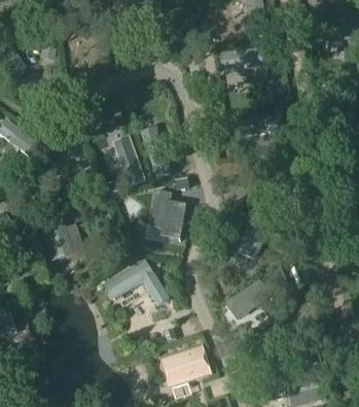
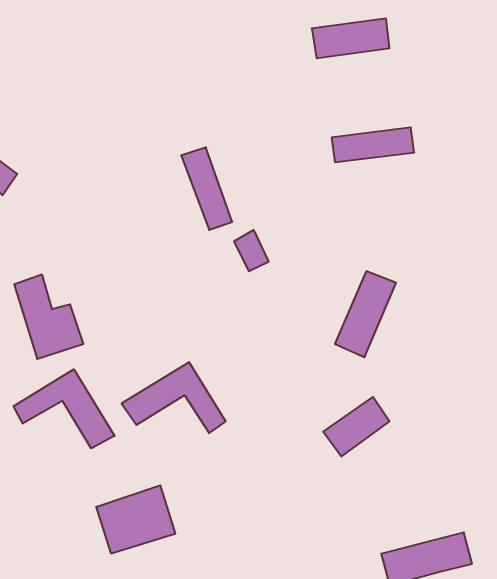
building: [111,134,145,185] -> none
building: [153,189,186,234] -> none
building: none -> [14,369,115,448]
building: [160,345,210,387] -> [96,486,175,553]

